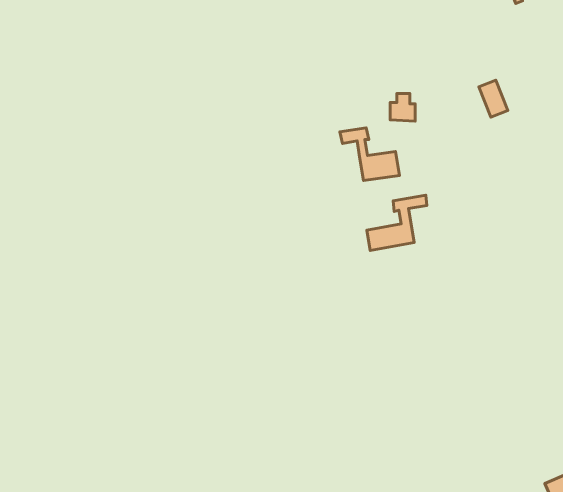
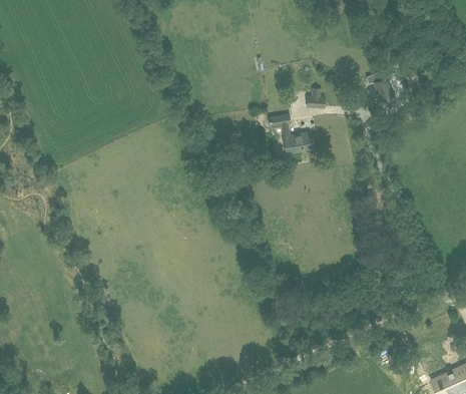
building: [367,195,427,250] -> none

